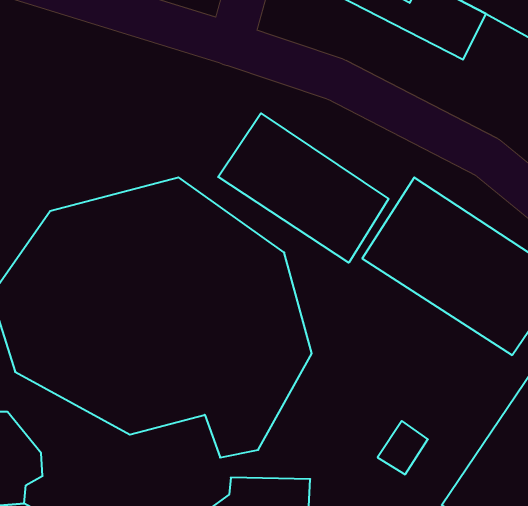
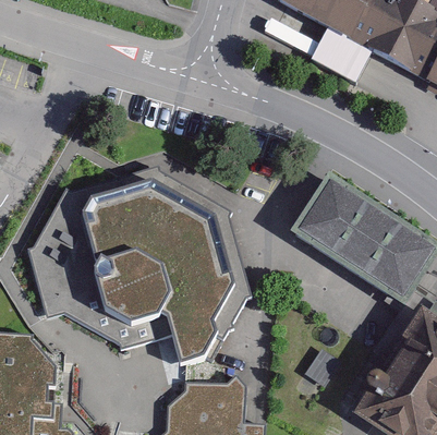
building: [218,113,389,263] -> none

